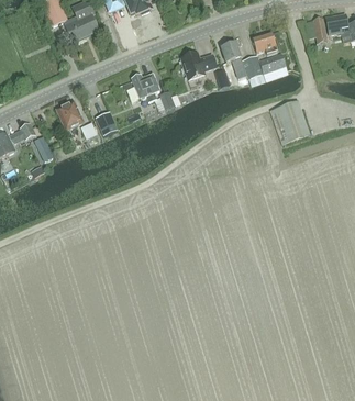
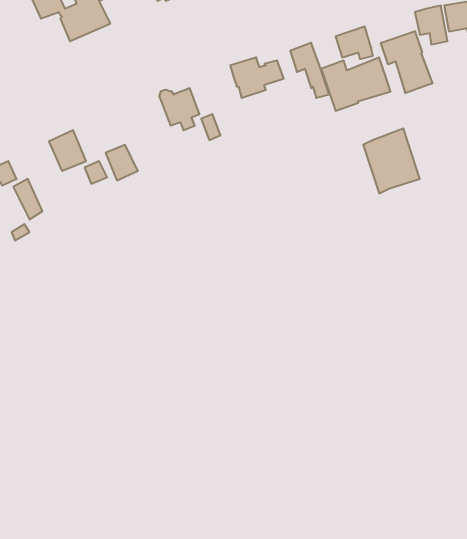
building: none -> [381,31,433,93]

